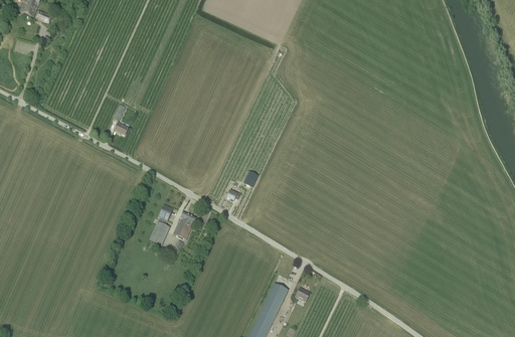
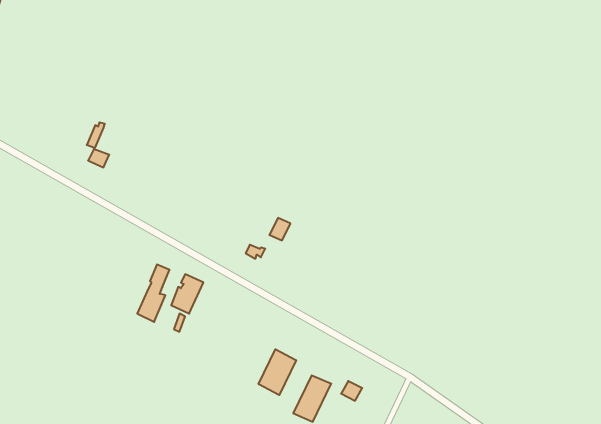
building: none -> [259,349,296,395]

